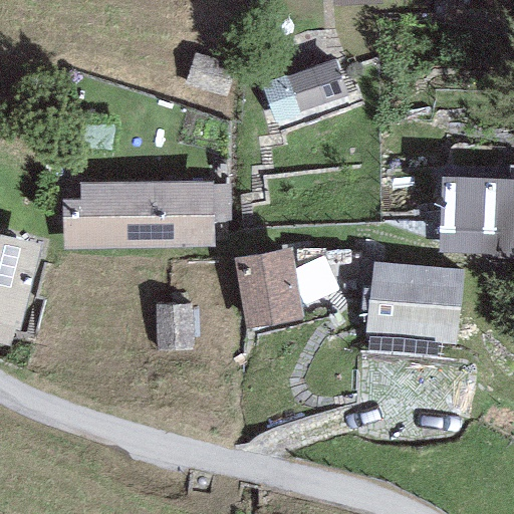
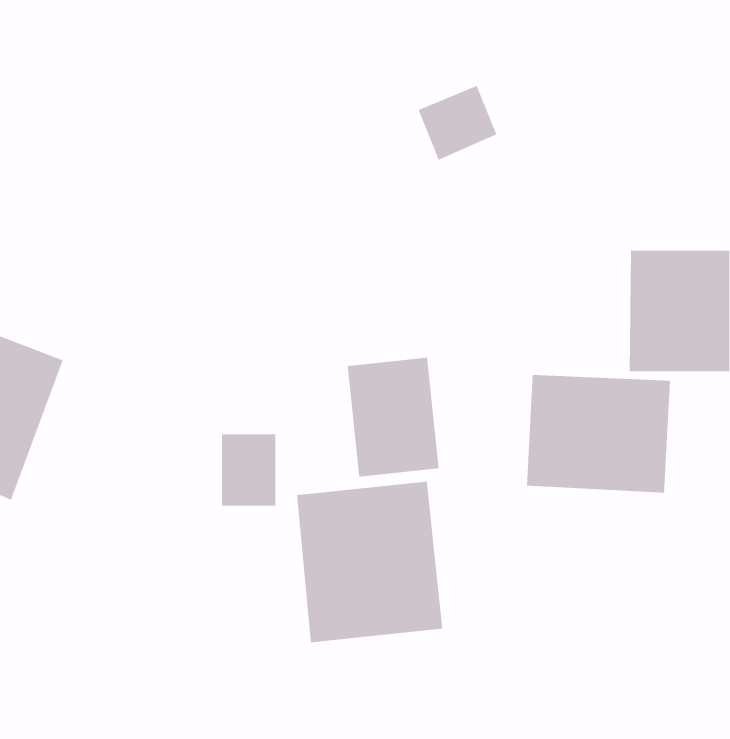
building: [68,181,219,249] -> none
building: none -> [297,481,443,643]

